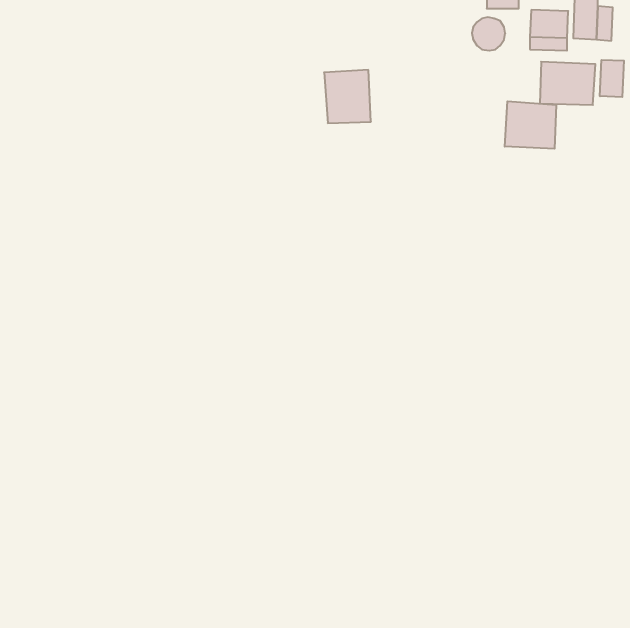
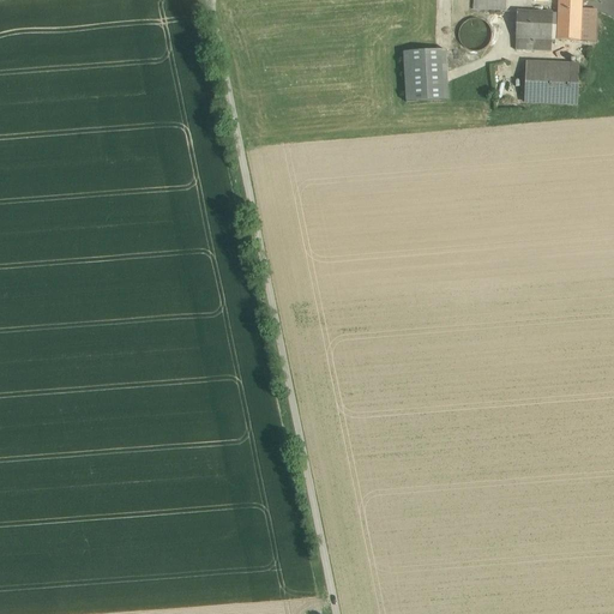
building: [600,60,624,97] -> none
building: [324,70,371,123] -> [402,48,447,100]
building: [505,101,556,149] -> none

